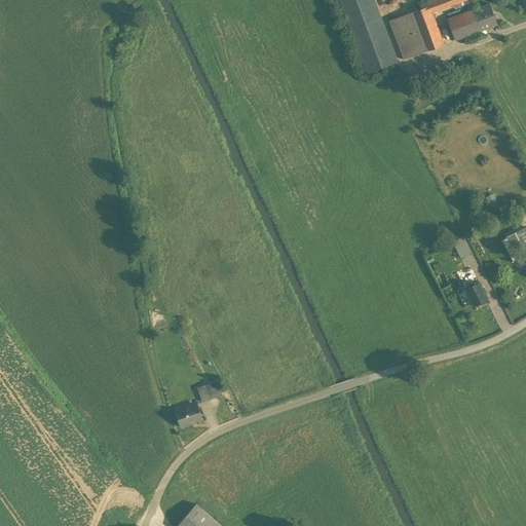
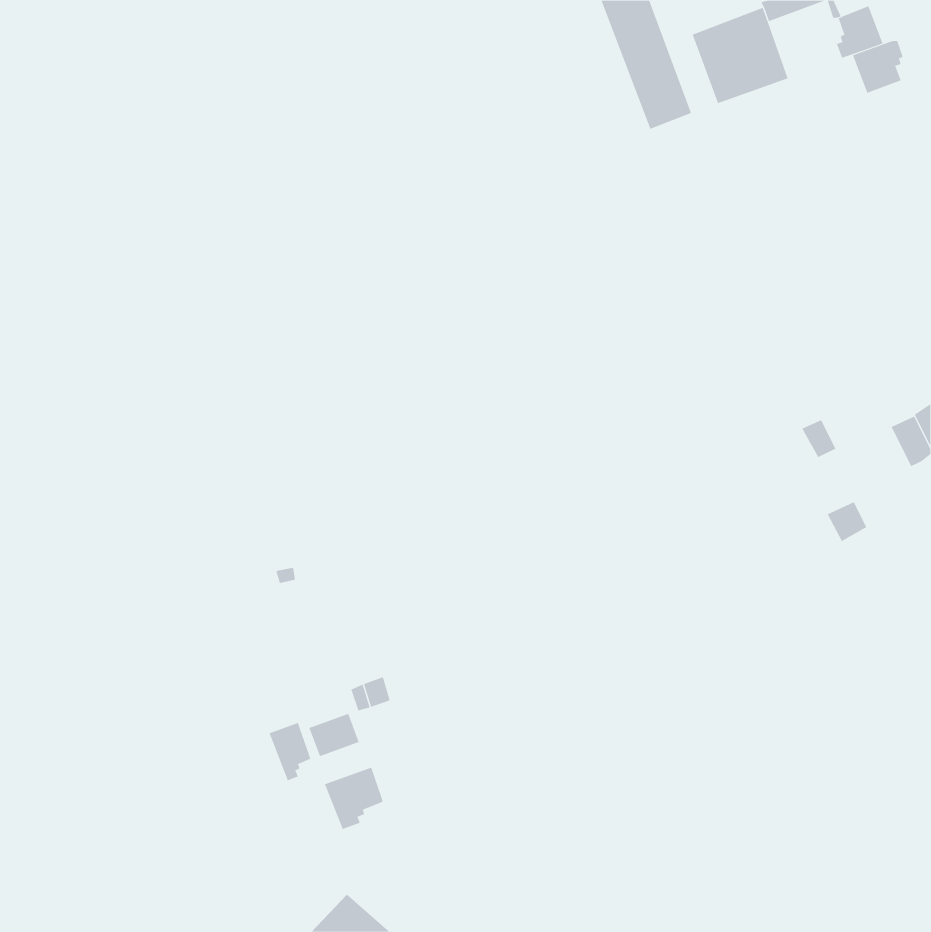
building: [446,10,475,40] -> [852,41,903,93]
building: none -> [269,722,311,781]
building: none -> [324,767,383,830]

